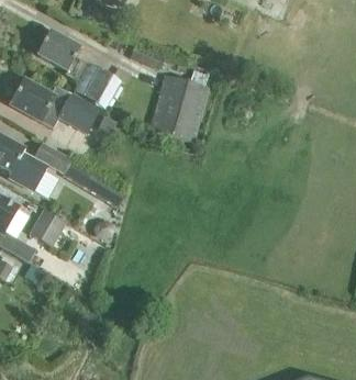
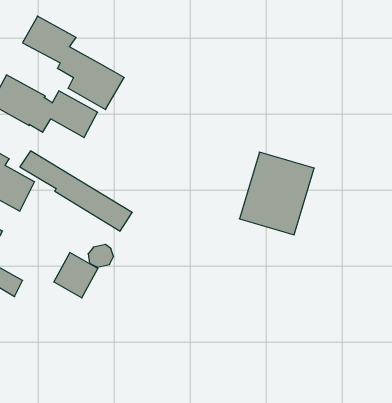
building: [147,74,209,142] -> [239,152,314,235]
building: [29,209,65,246] -> [54,253,98,298]

